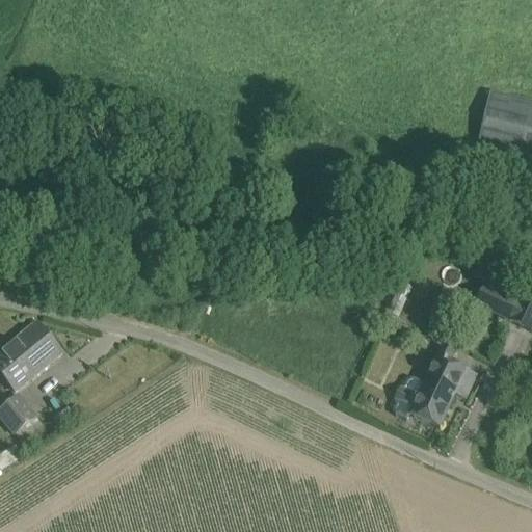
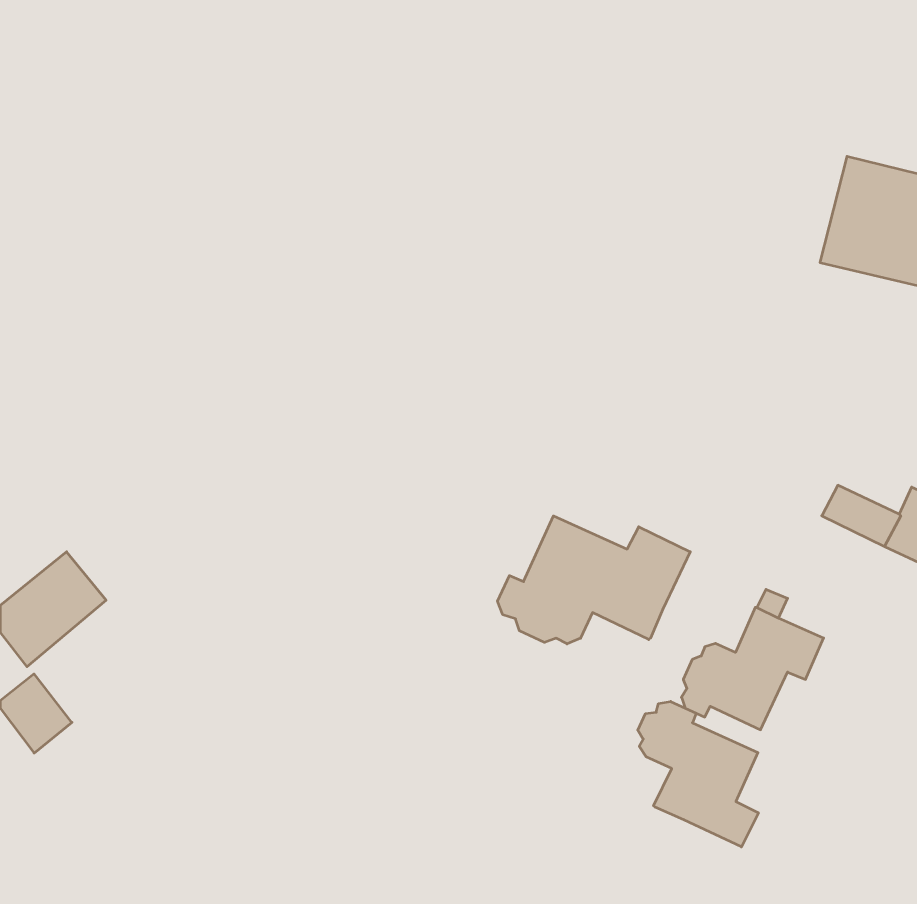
building: none -> [498,516,690,644]
building: none -> [638,701,758,847]

